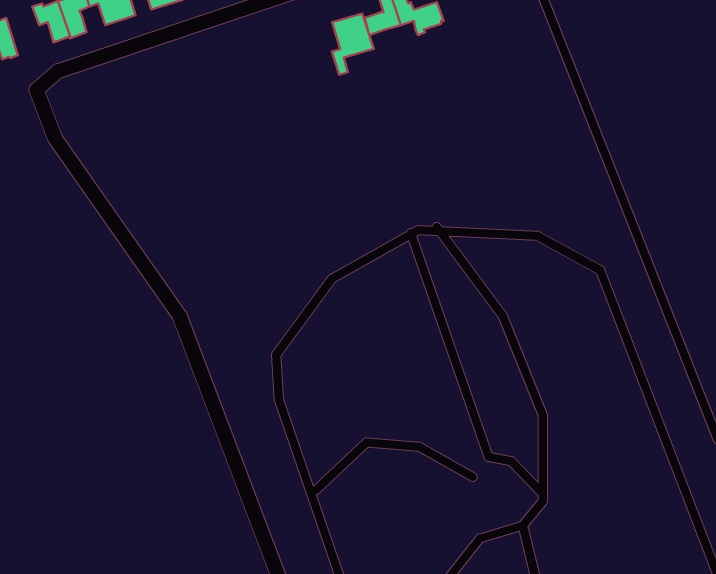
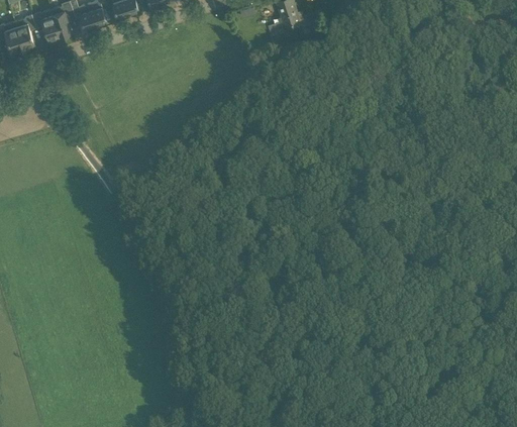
building: none -> [12,16,33,49]
building: [332,13,374,75] -> none

